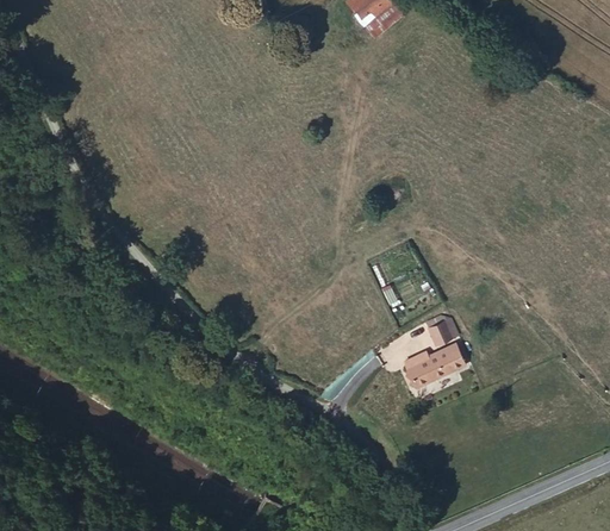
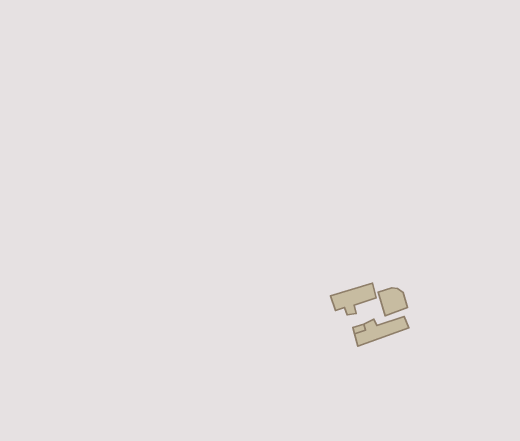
building: none -> [330,283,376,315]

